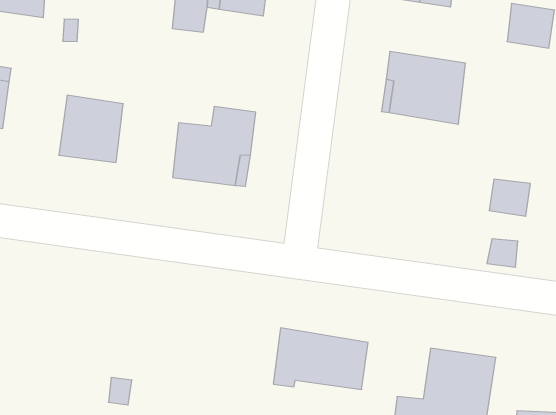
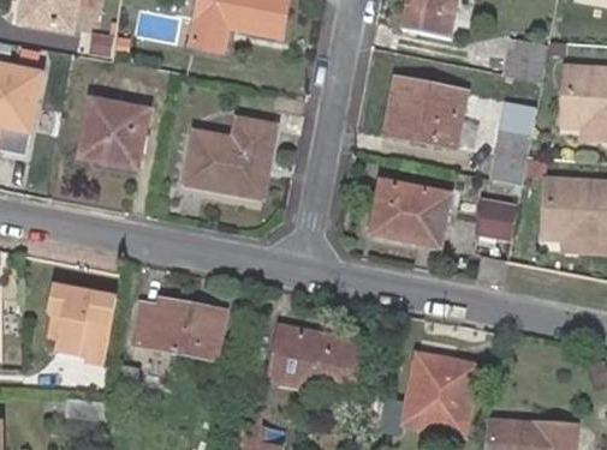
building: none -> [490,100,536,182]
building: none -> [371,181,447,244]
building: none -> [49,282,117,360]
building: none -> [131,300,225,356]

